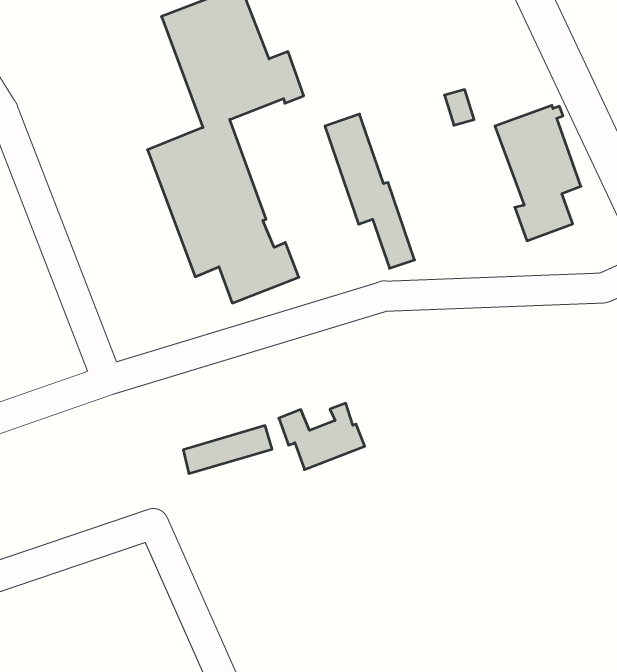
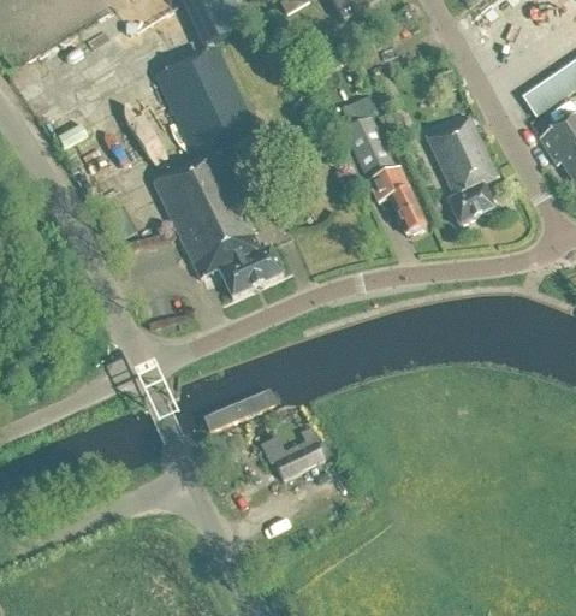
building: [325,114,415,268] -> [345,114,426,233]
building: [279,403,365,470] -> [260,426,329,481]

